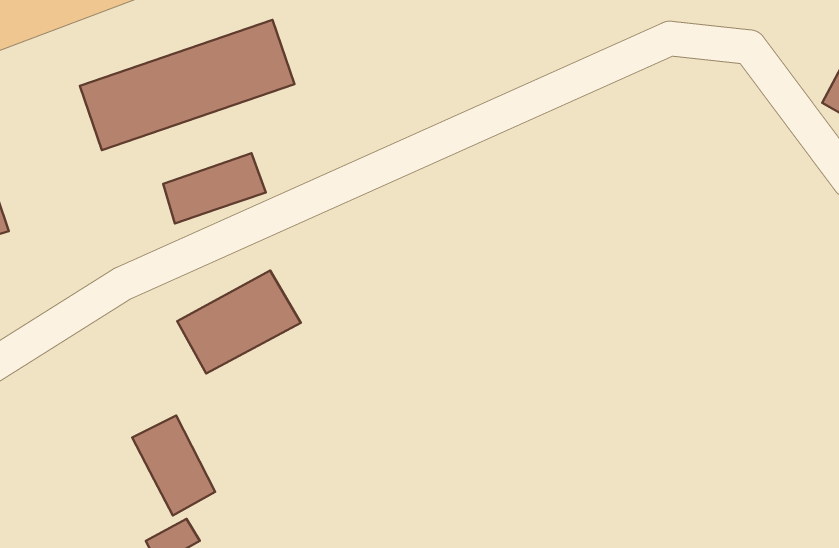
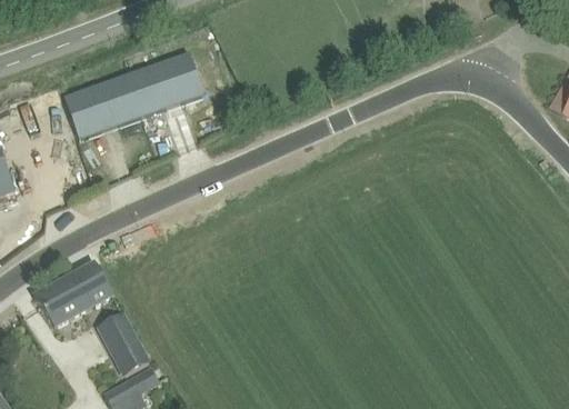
building: [163,153,266,223] -> none
building: [177,270,301,374] -> [33,262,114,330]

